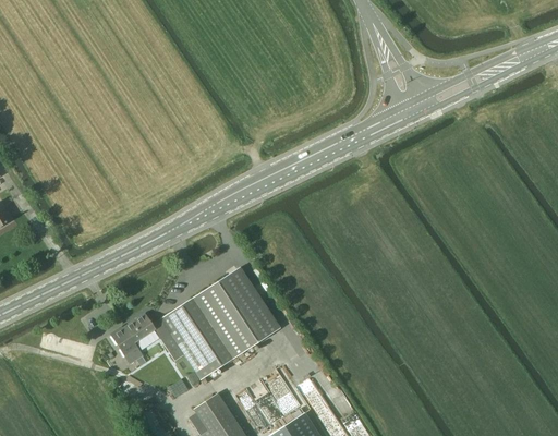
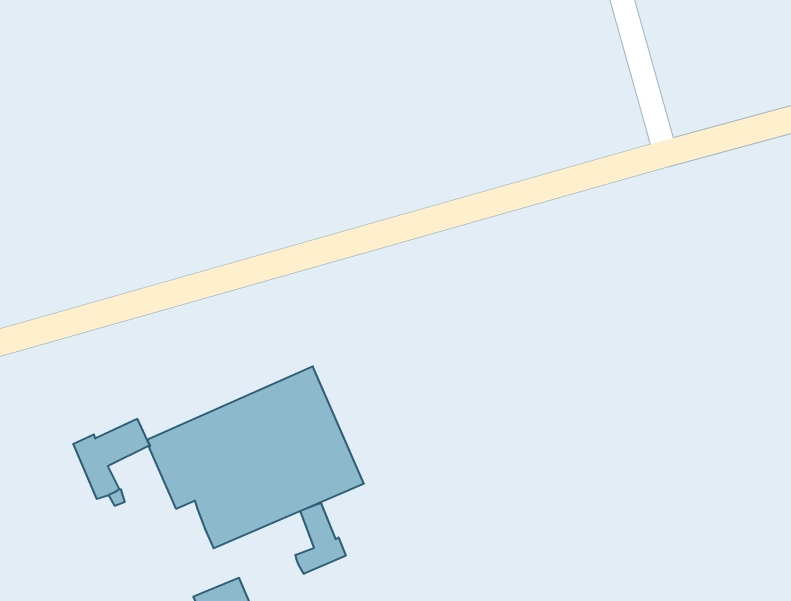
building: none -> [295,503,346,574]

